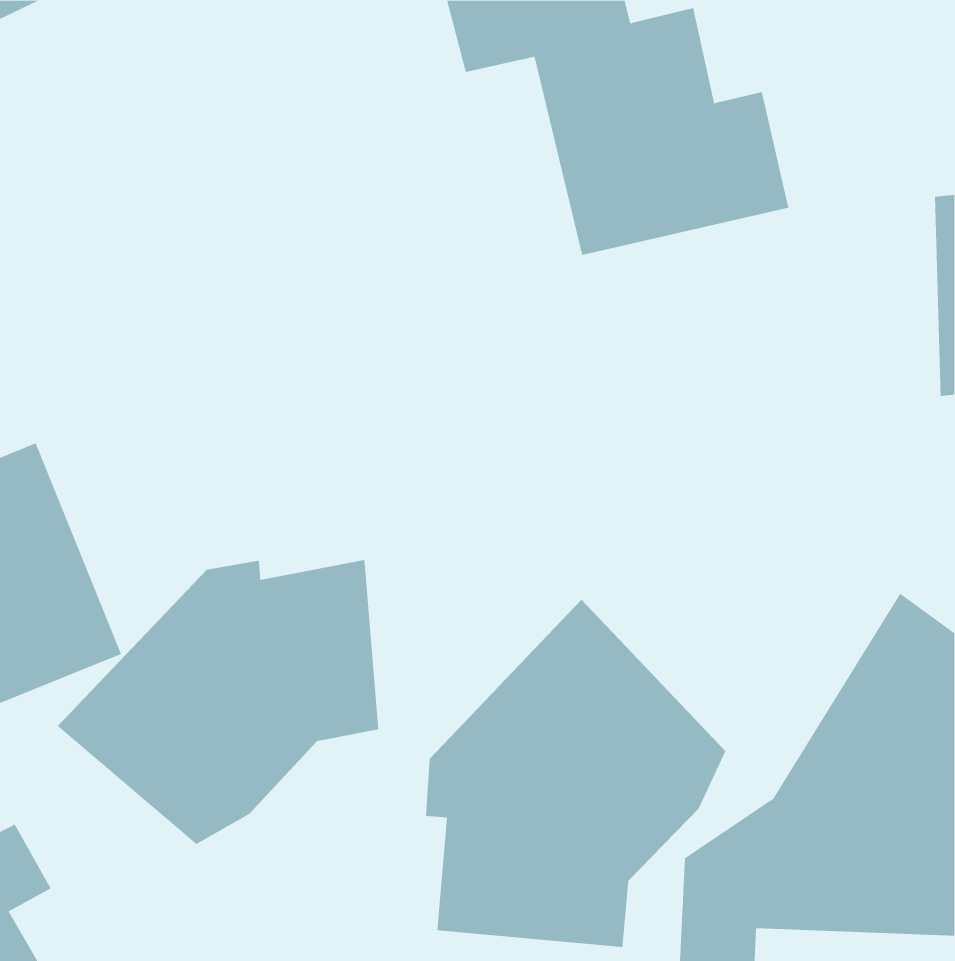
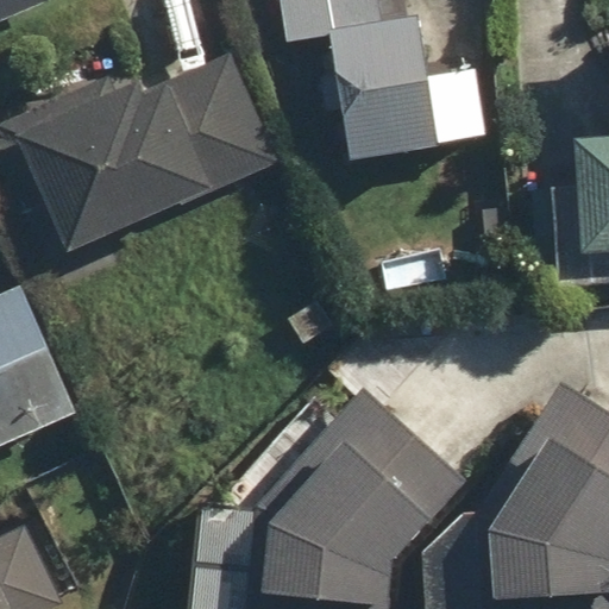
building: none -> [27,55,268,247]
building: [57,559,379,845] -> none

